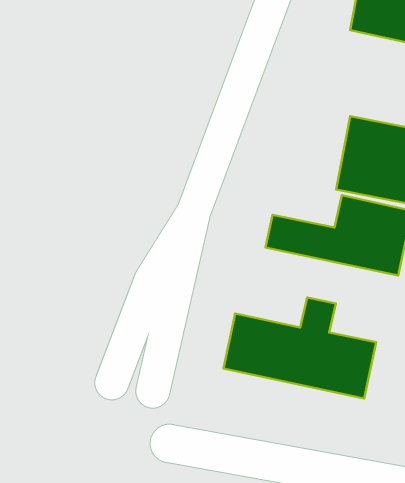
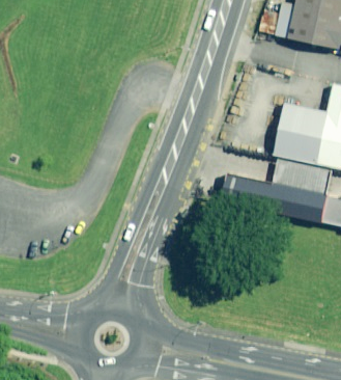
building: [224,297,376,398] -> none

